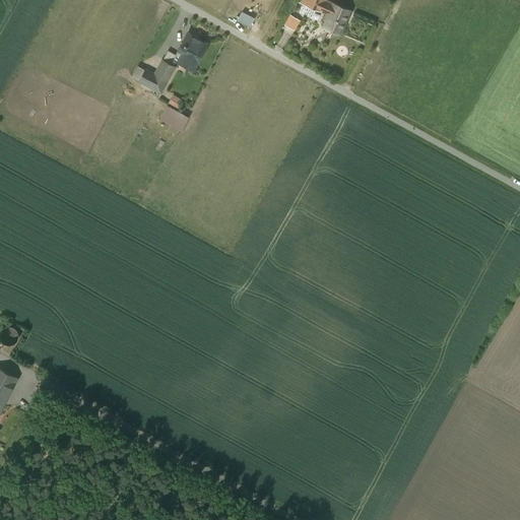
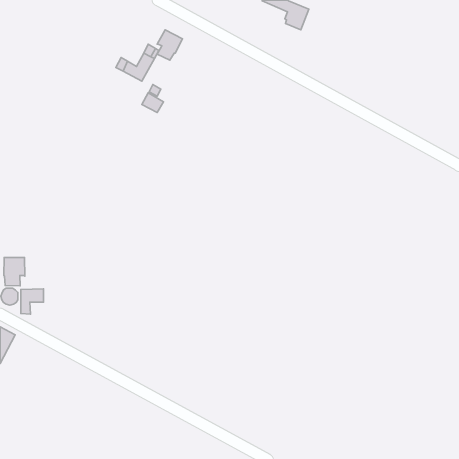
building: none -> [4,257,25,286]
building: none -> [21,289,44,314]

